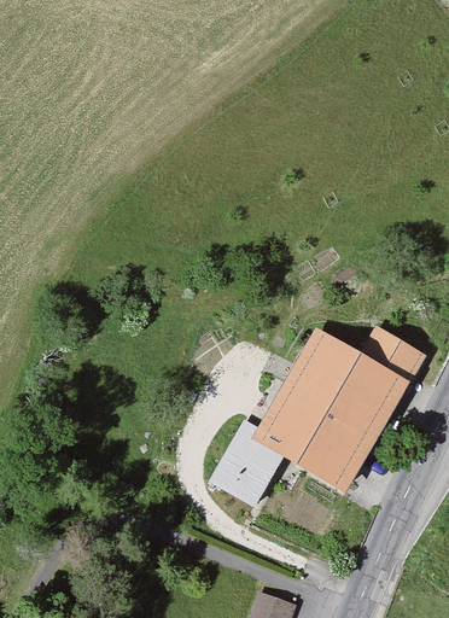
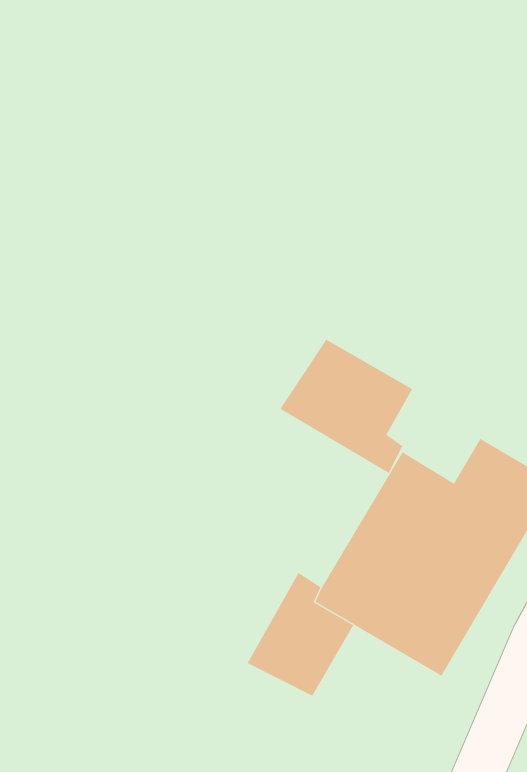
building: none -> [279,339,413,474]

